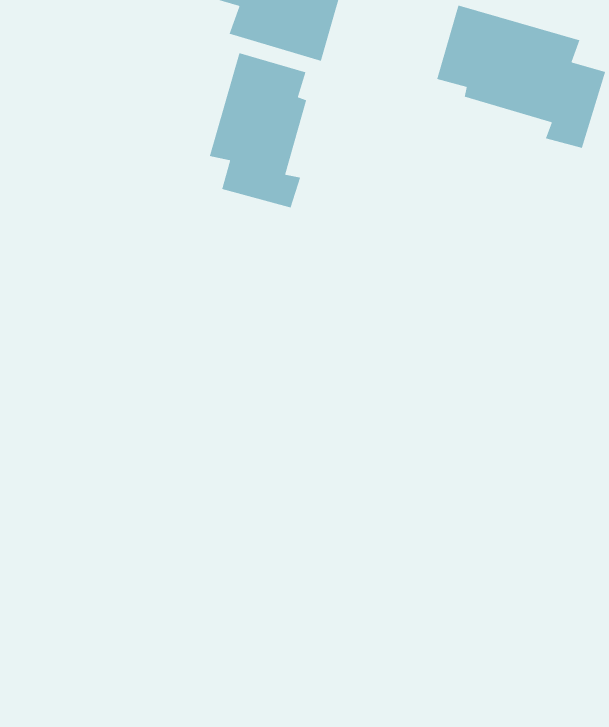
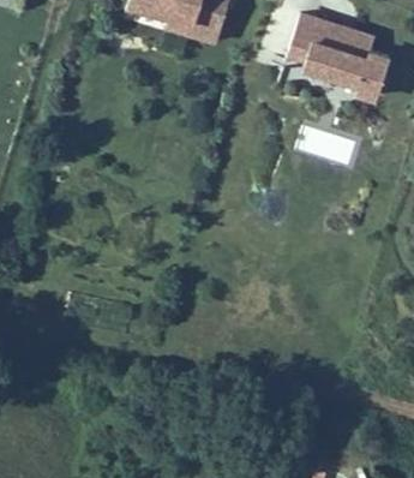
building: [209,52,307,209] -> none

